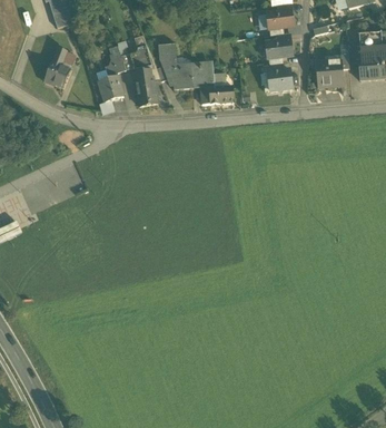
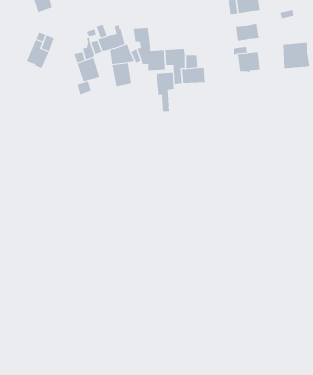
building: none -> [156,72,174,112]

